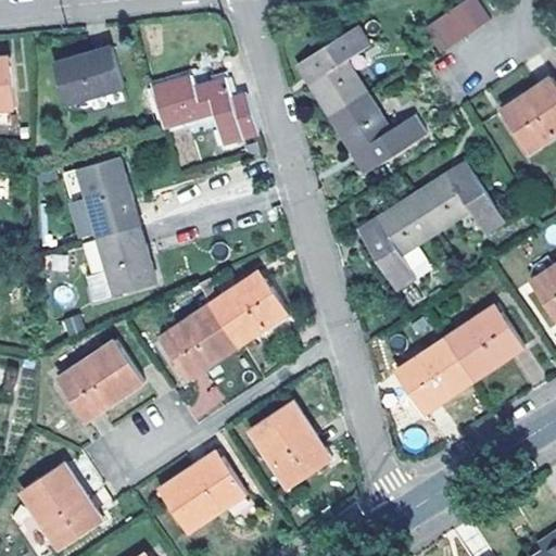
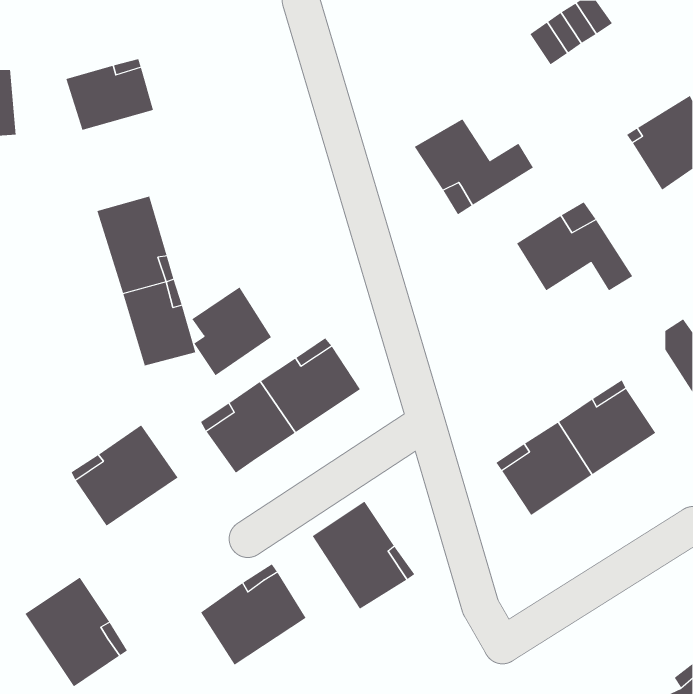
building: [295,25,370,118] -> none
building: [151,77,256,143] -> none
building: [358,195,435,289] -> none
building: none -> [192,287,272,376]

